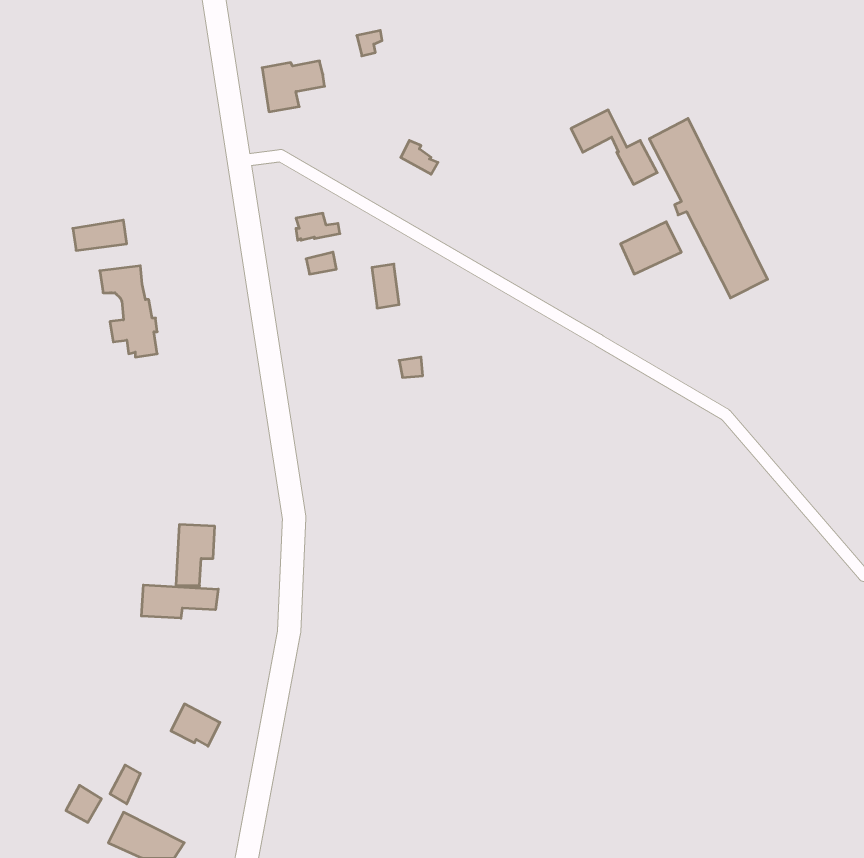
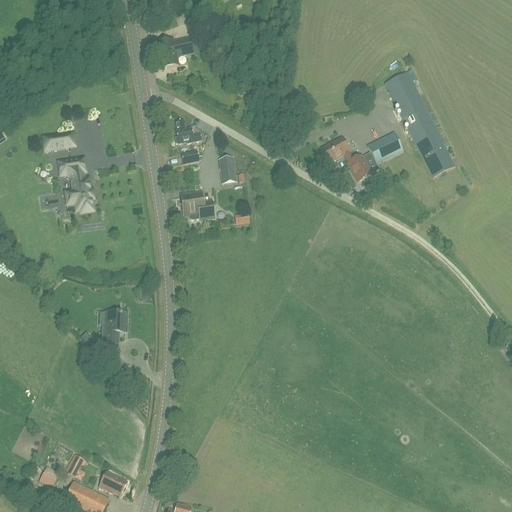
building: [571,110,657,184] -> [320,135,371,179]
building: none -> [181,190,214,217]
building: [141,585,218,618] -> none
building: [171,704,220,746] -> [98,469,127,494]

